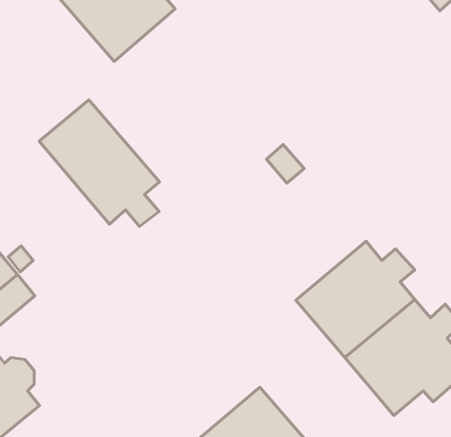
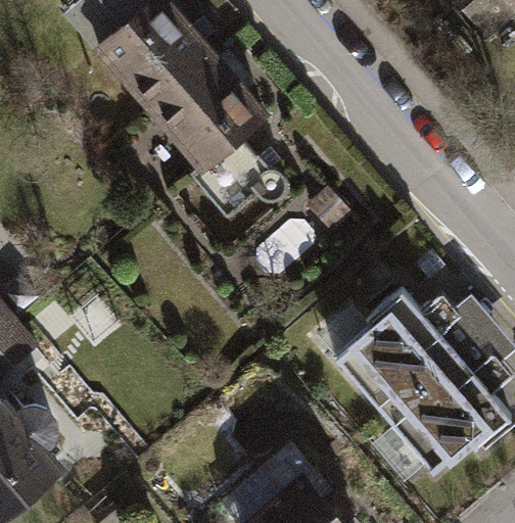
building: none -> [131,31,281,199]
building: [39,100,159,226] -> none

